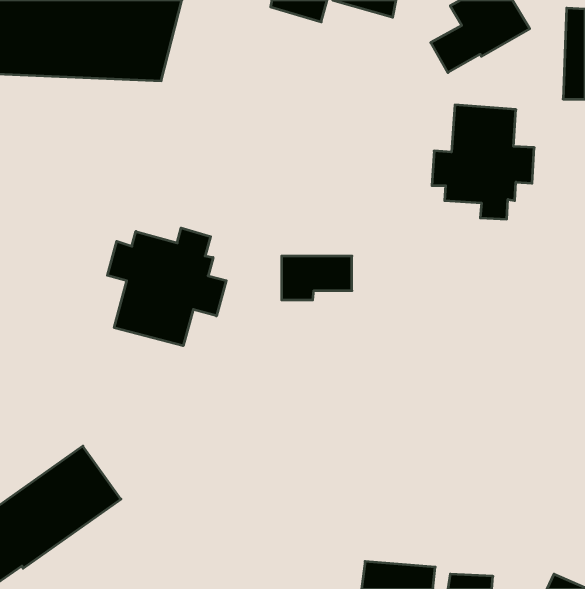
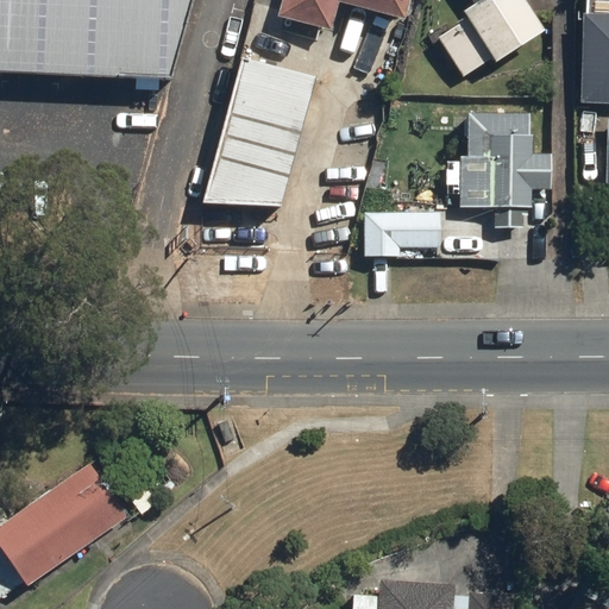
building: none -> [205,55,318,205]
building: [107,228,226,346] -> none
building: [282,256,352,300] -> [366,209,439,255]

